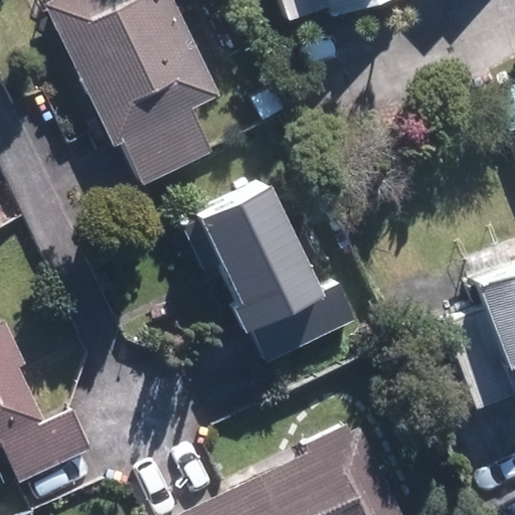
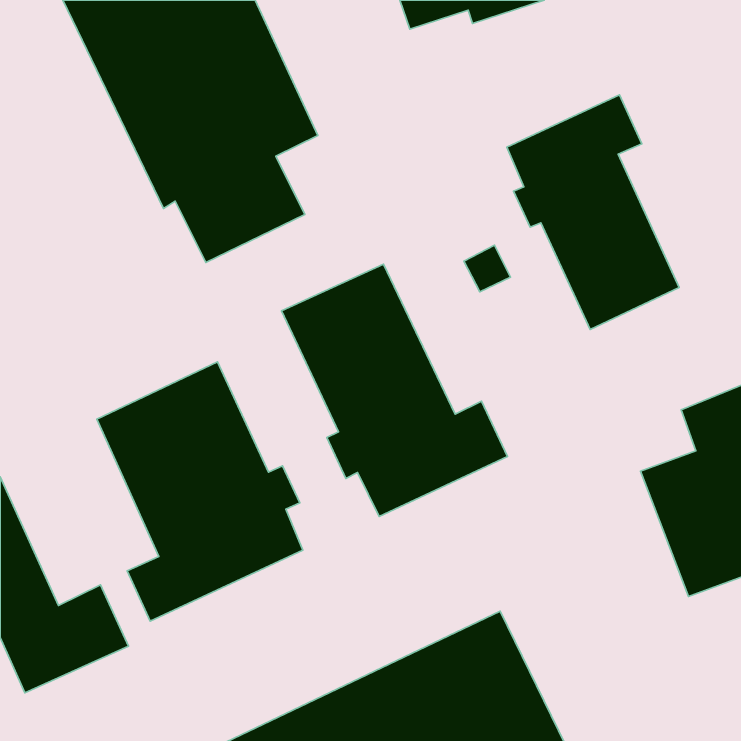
building: none -> [507,95,679,330]
building: none -> [97,362,303,621]

